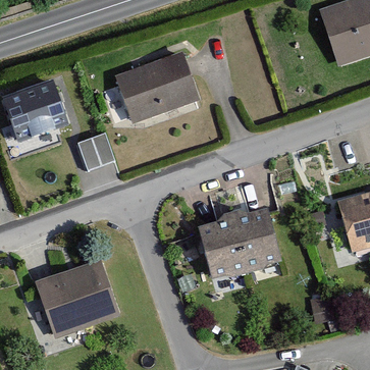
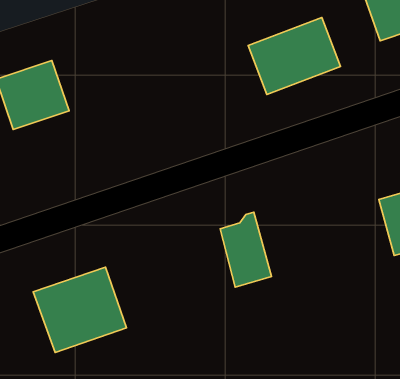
building: [116,54,197,121] -> [248,18,340,95]
building: [77,133,114,170] -> none
building: [228,209,280,269] -> none

